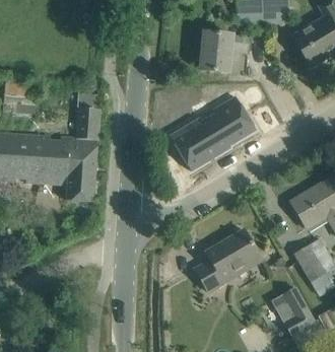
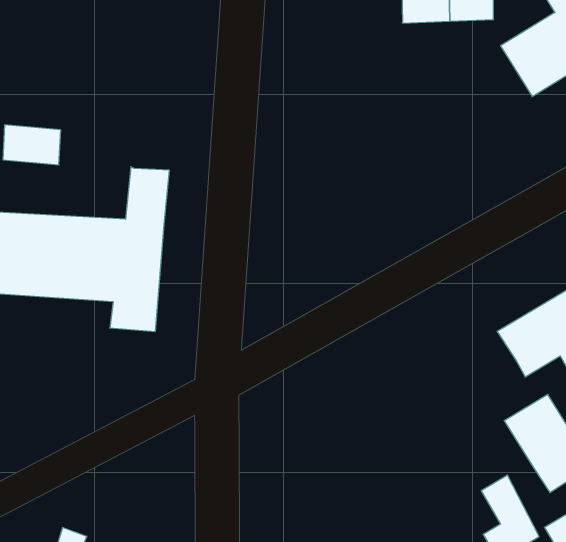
building: [199,32,248,73] -> none
building: [172,92,259,166] -> none
building: [193,230,261,292] -> none

